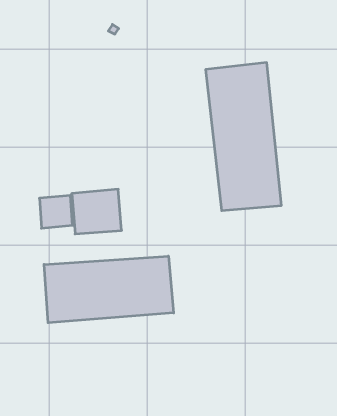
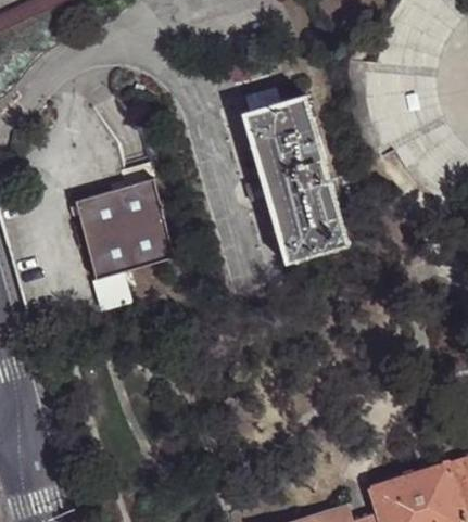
building: none -> [74,179,170,278]
building: [44,256,174,323] -> none

